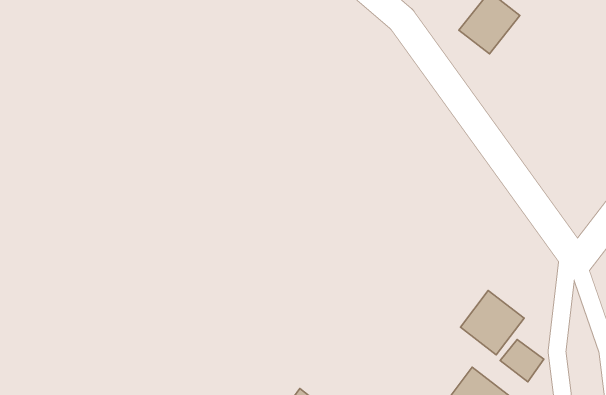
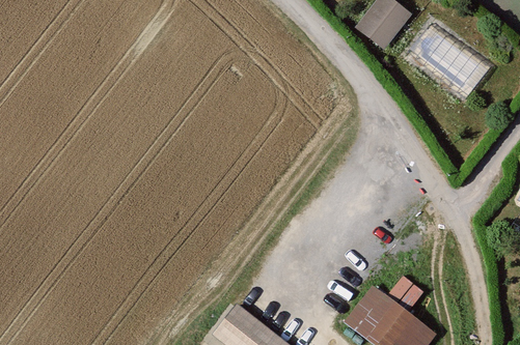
building: [460,290,524,355] -> none

